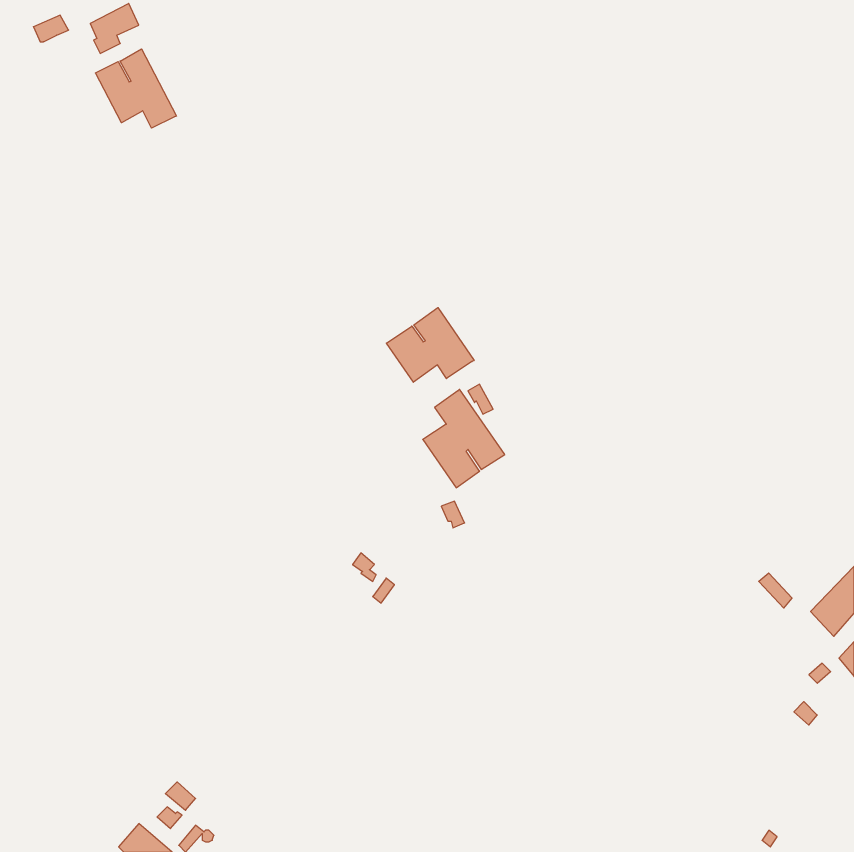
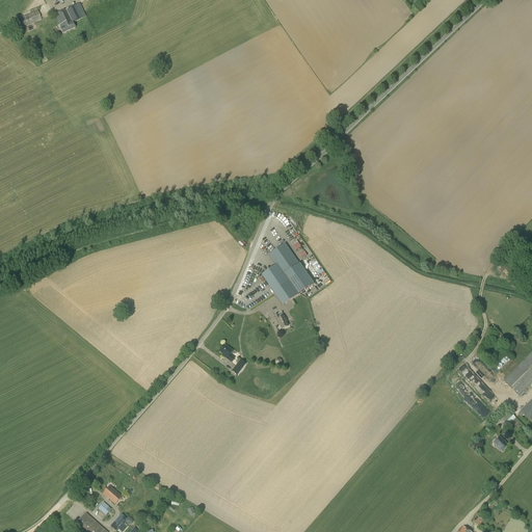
building: [95,49,176,128] -> none
building: [386,308,474,382] -> none

